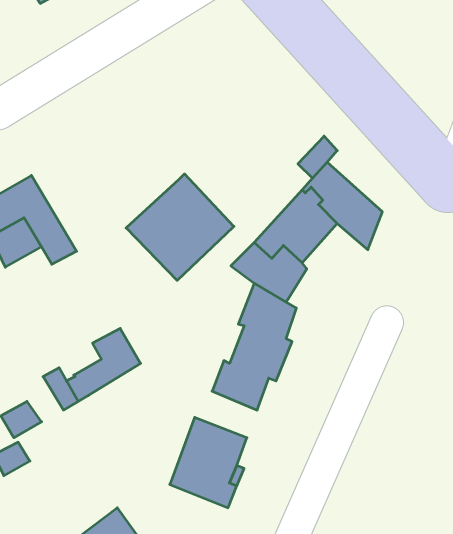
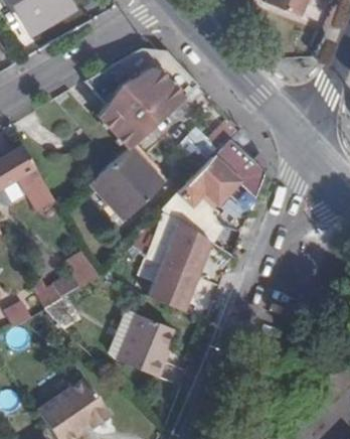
building: none -> [82,47,197,151]

